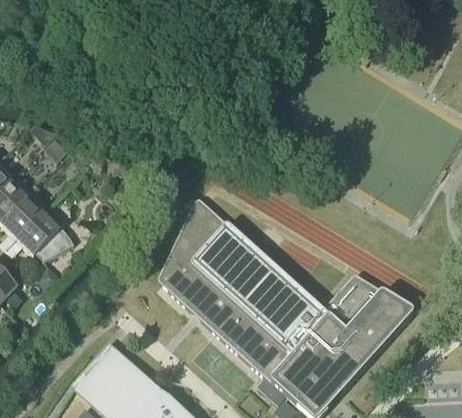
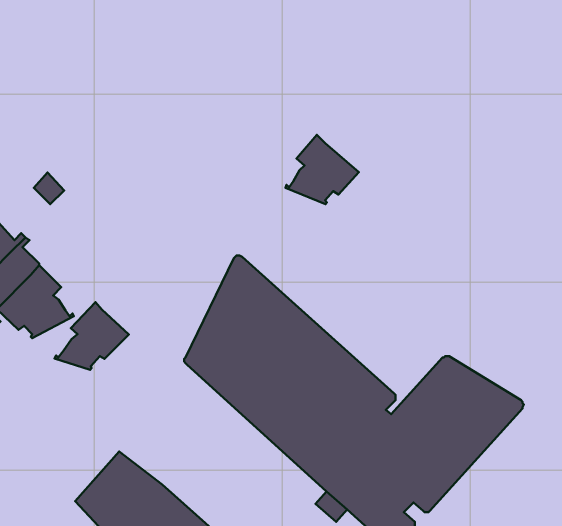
building: none -> [285,135,359,204]
building: none -> [54,302,129,370]

